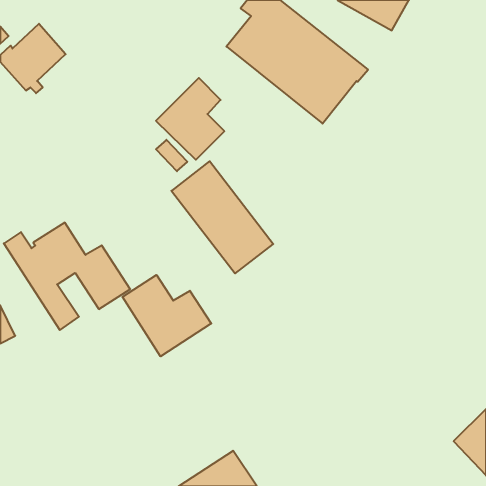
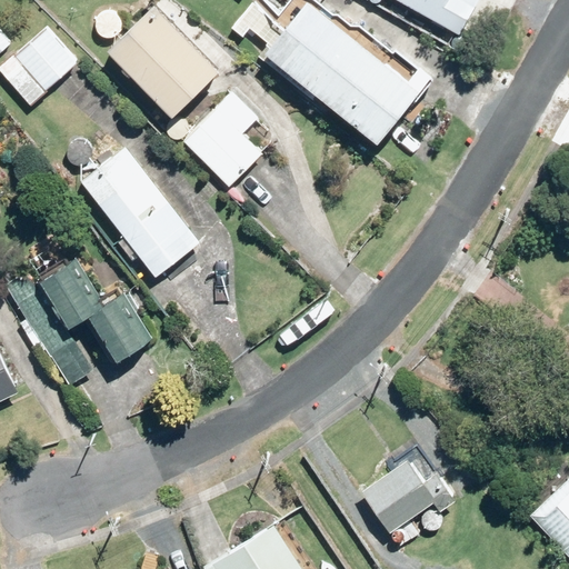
building: none -> [107,8,217,118]
building: [171,161,273,273] -> [80,147,199,278]
building: [123,275,211,356] -> none
building: none -> [363,461,456,532]

